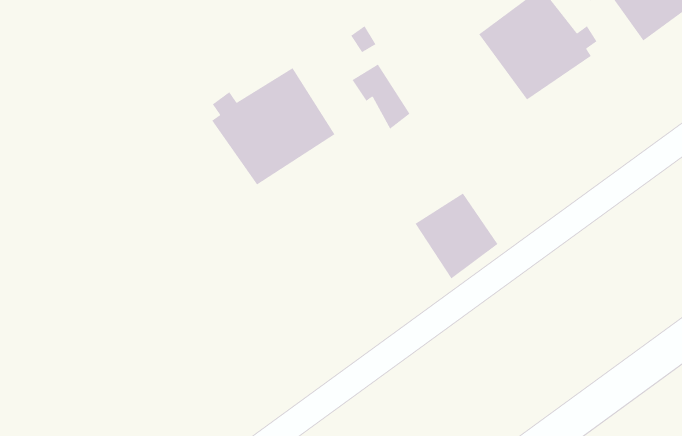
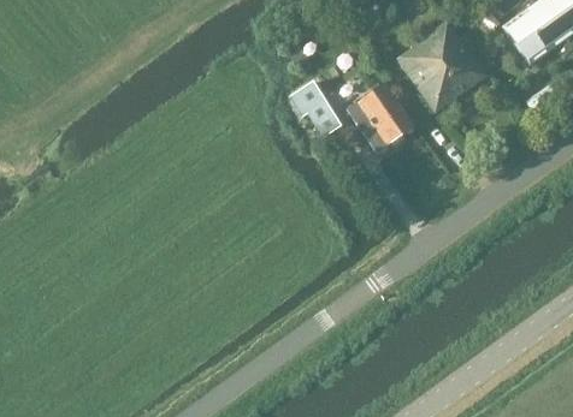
building: [211,67,336,186] -> none
building: [414,192,498,279] -> [347,82,415,153]

